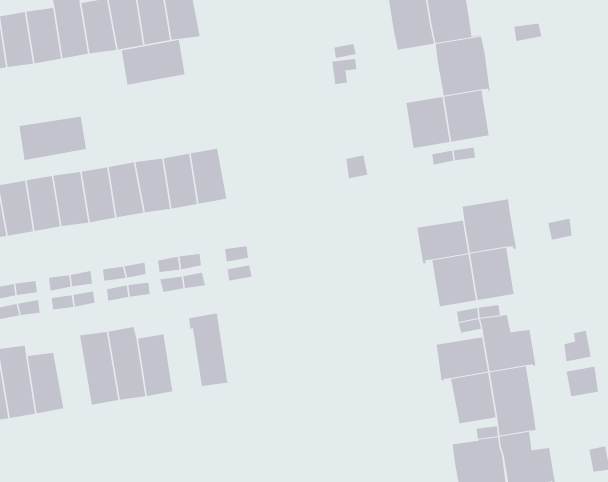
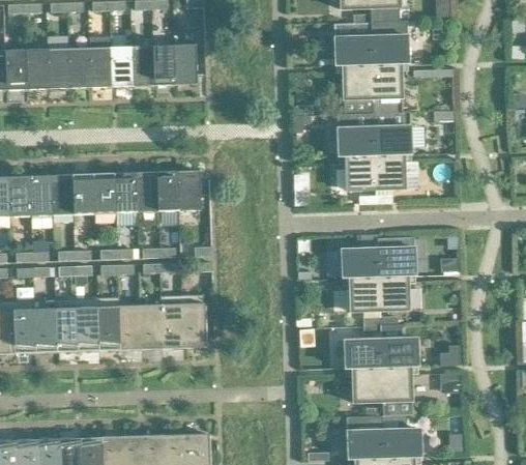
building: [121,39,185,85] -> none
building: none -> [337,113,374,156]
building: [19,116,87,161] -> none
building: none -> [182,293,206,348]
building: none -> [140,303,163,349]
building: none -> [54,297,78,351]

